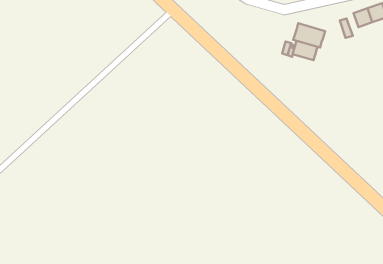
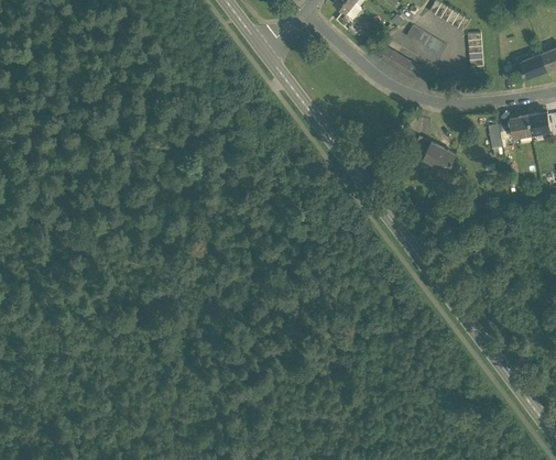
building: [293,23,325,47] -> none

